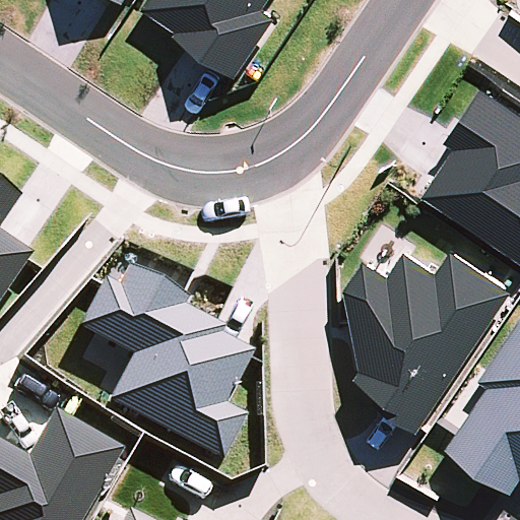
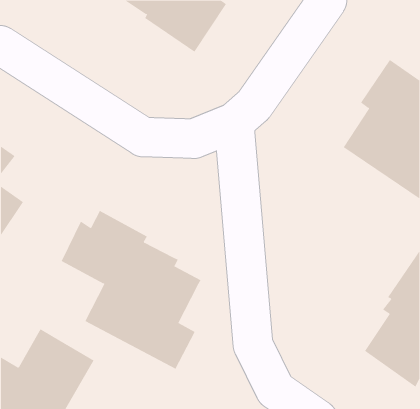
building: [347,253,513,431] -> none

